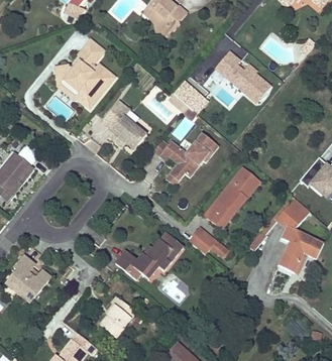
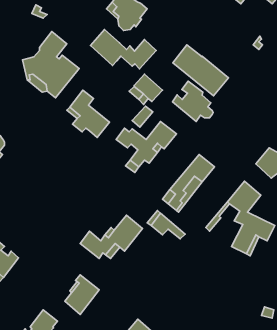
building: none -> [90,29,156,69]
building: none -> [172,81,213,121]

